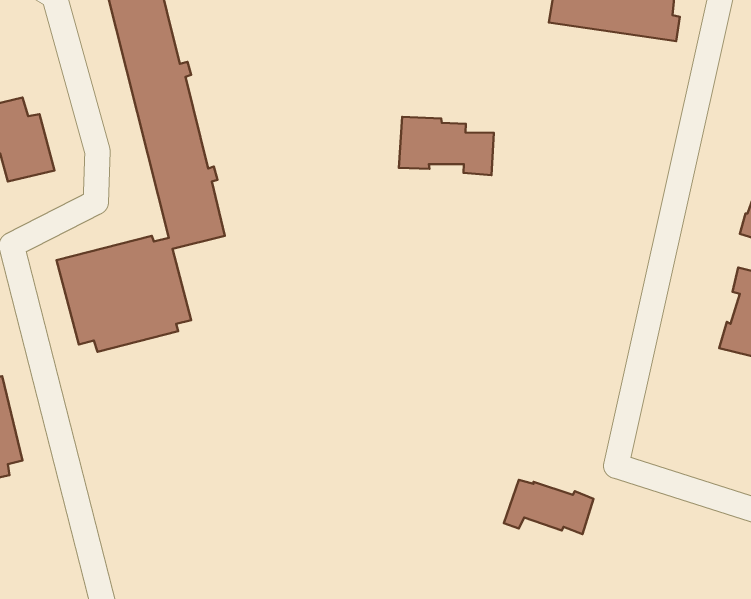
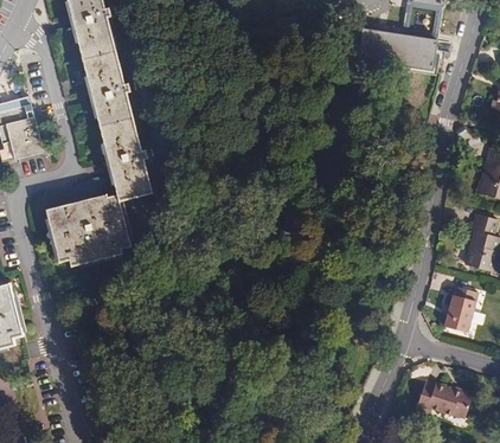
building: [399,117,494,175] -> none
building: none -> [442,284,477,332]
building: [504,480,594,534] -> [415,381,472,416]

